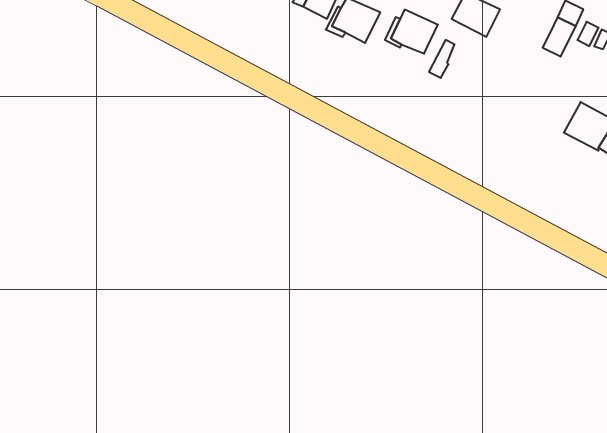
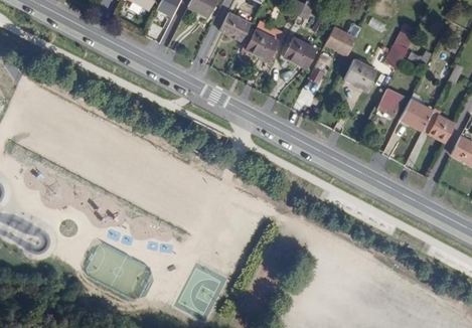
building: none -> [345,59,375,89]
building: none -> [377,89,404,116]

